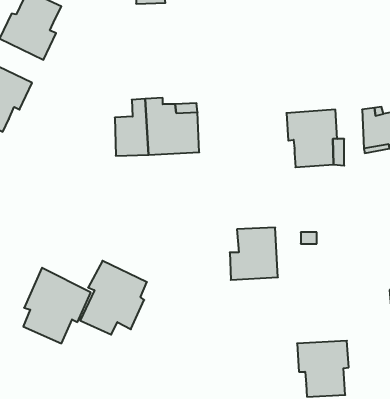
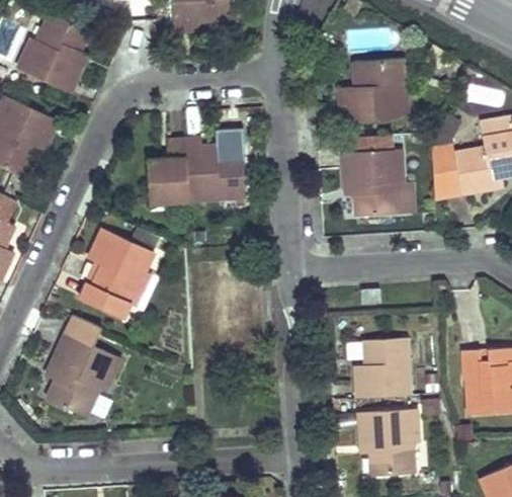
building: none -> [341,60,407,120]
building: [230,228,278,280] -> [356,338,411,398]
building: [80,261,147,335] -> [80,228,156,312]

